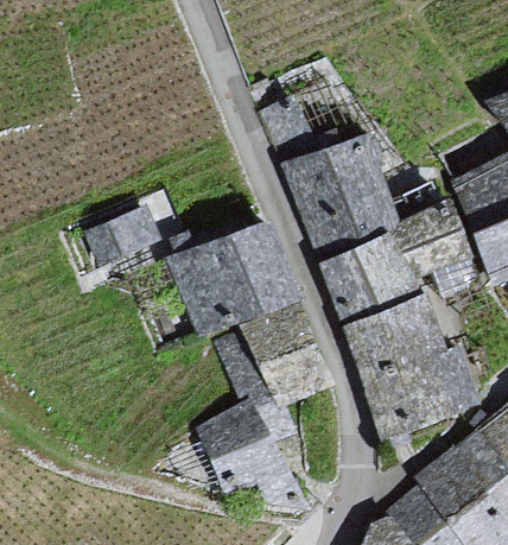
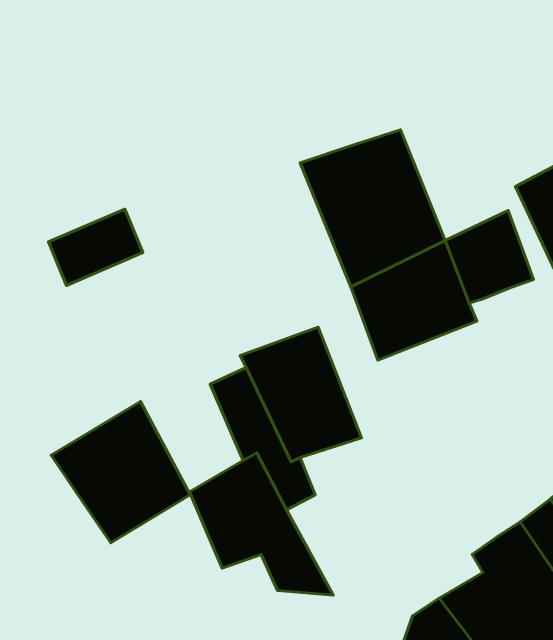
building: [170,223,299,334] -> none
building: [347,290,480,431] -> none
building: none -> [51,402,190,543]

